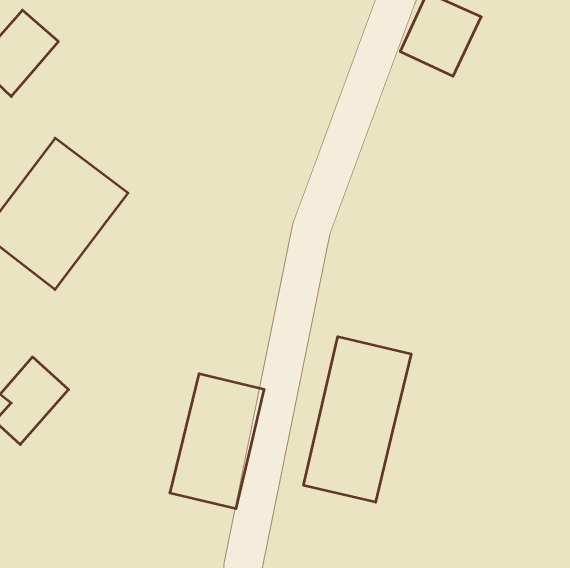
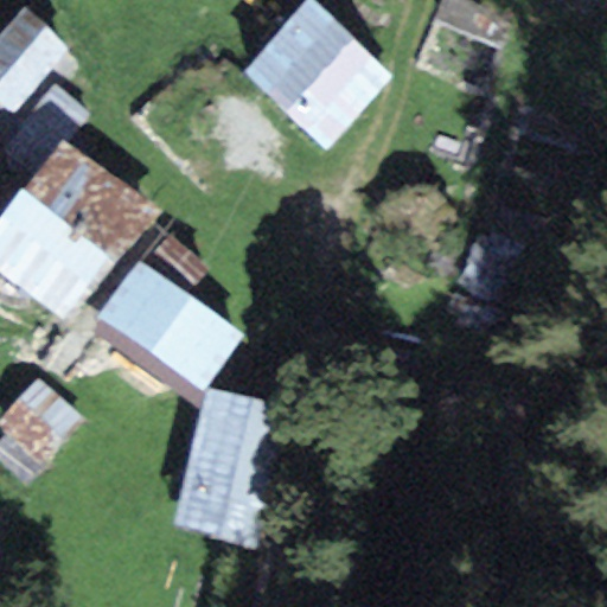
building: none -> [249,5,382,136]
building: none -> [103,262,236,394]
building: [304,337,411,502] -> none

